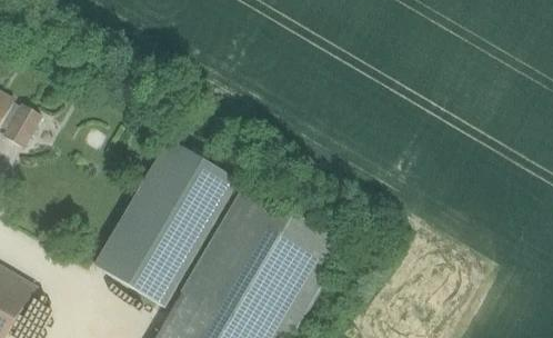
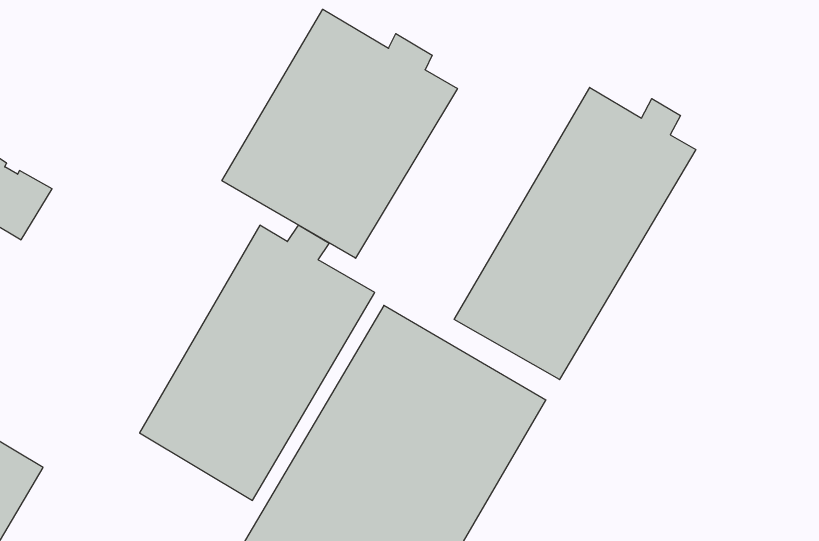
building: none -> [222,9,457,258]
building: none -> [454,87,696,380]

